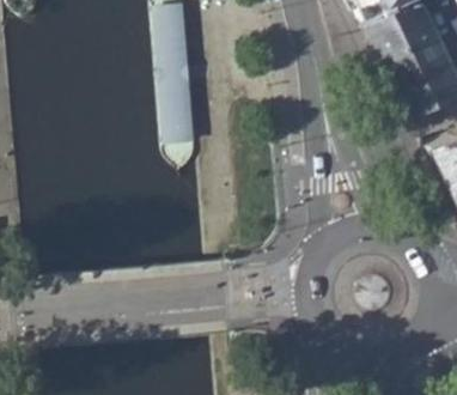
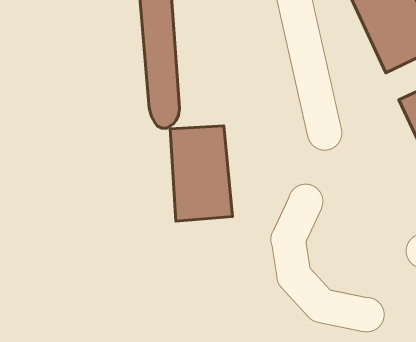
building: none -> [170,126,232,221]

